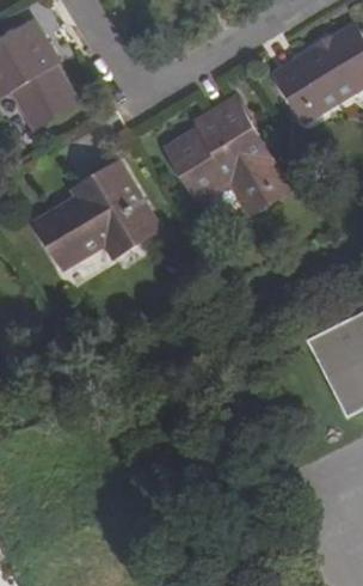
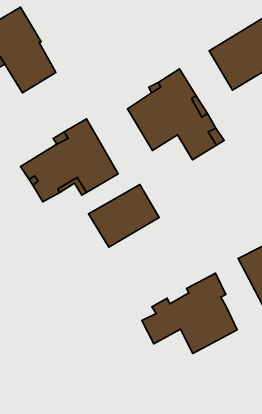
building: none -> [89,185,159,247]
building: none -> [142,273,237,354]

